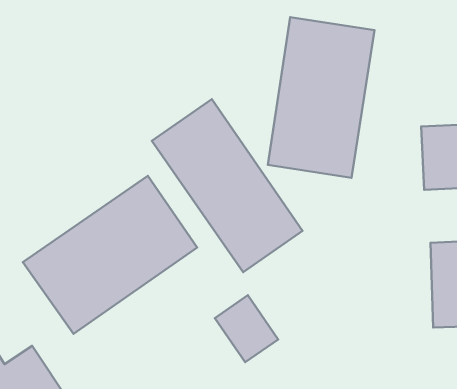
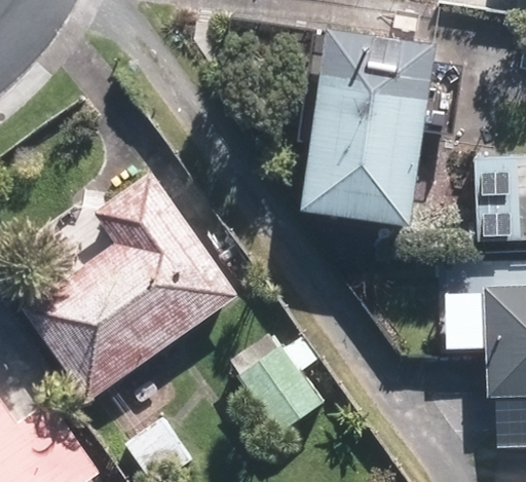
building: [152,99,302,272] -> none

